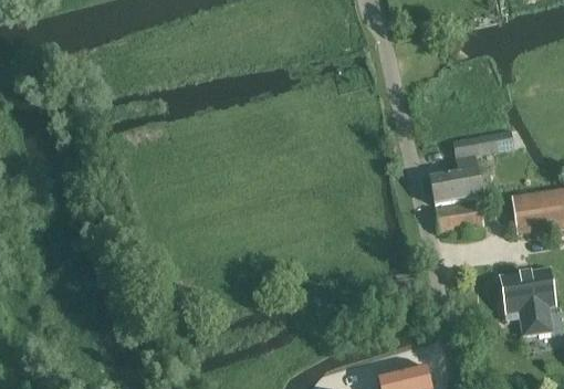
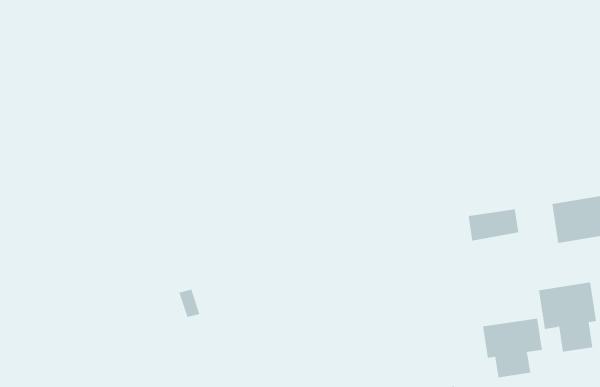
building: [430,130,513,203] -> none
building: none -> [482,318,542,378]

